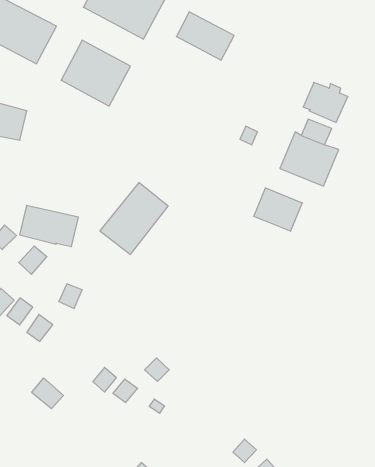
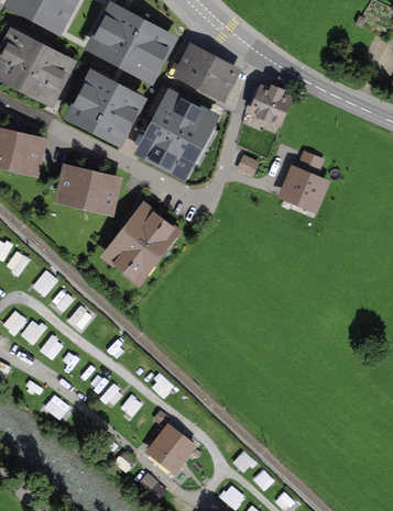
building: none -> [141,98,210,174]
building: [303,82,348,122] -> [245,87,287,124]
building: [254,188,302,231] -> none
building: [20,205,78,247] -> [59,171,114,210]
building: none -> [150,429,192,470]

